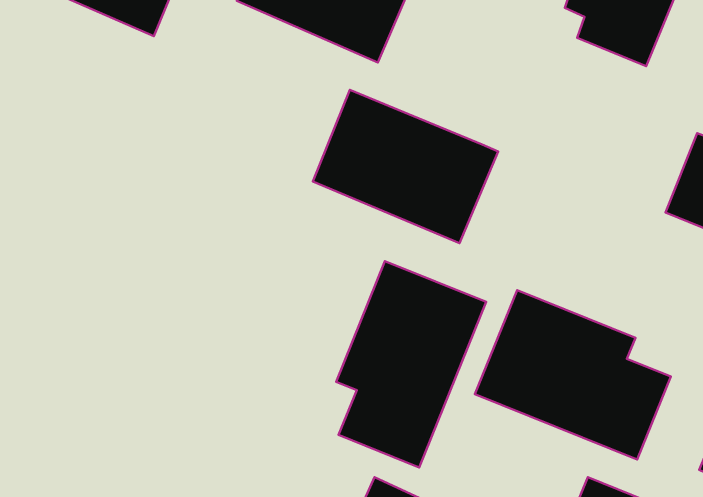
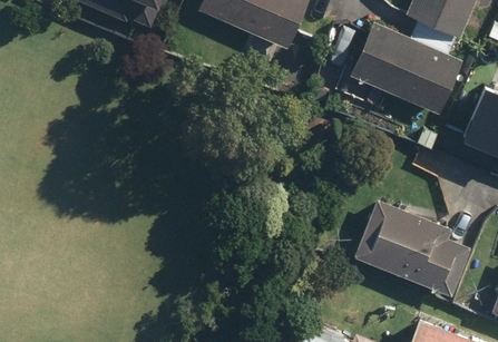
building: [313,90,498,243] -> [349,18,466,115]
building: [336,261,486,467] -> none

